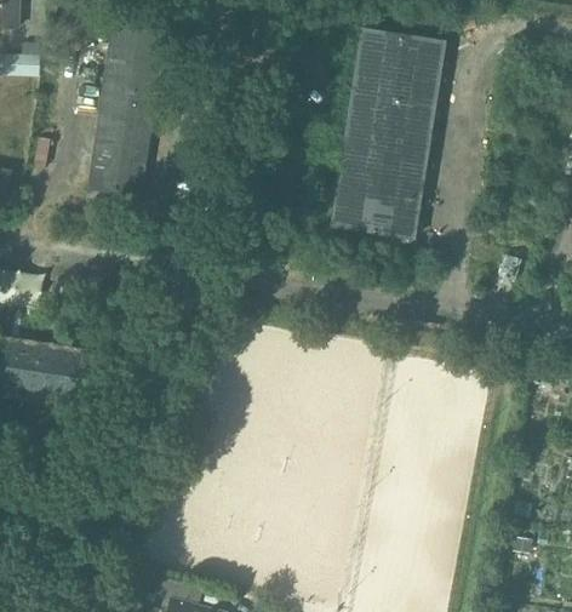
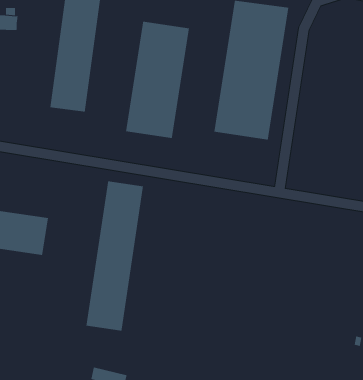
building: none -> [126,21,189,139]
building: none -> [86,181,144,331]

